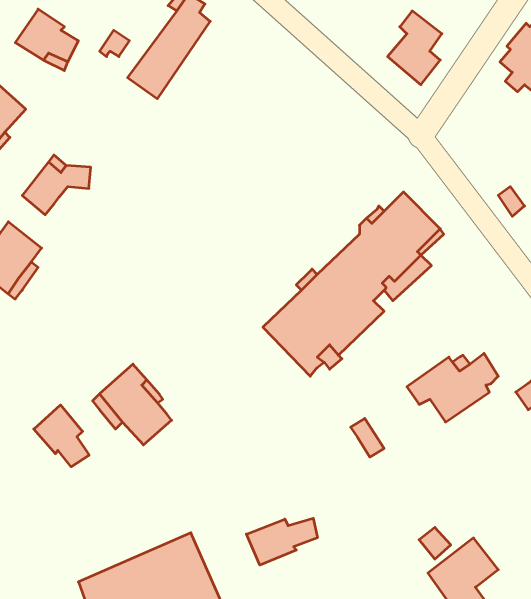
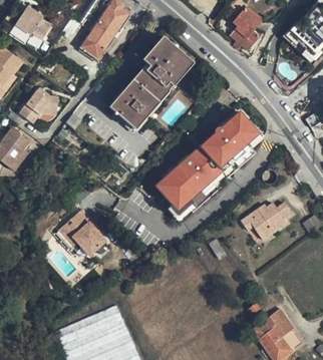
building: none -> [110,39,189,128]
building: [34,405,89,467] -> none
building: [246,518,317,565] -> none

